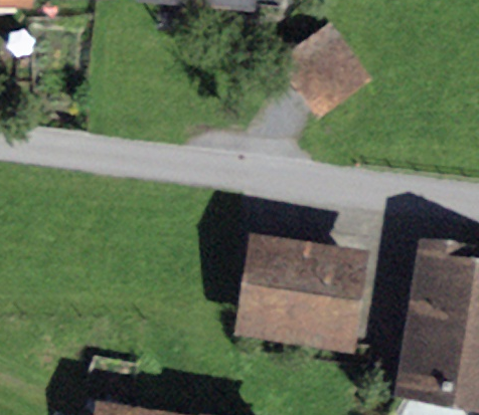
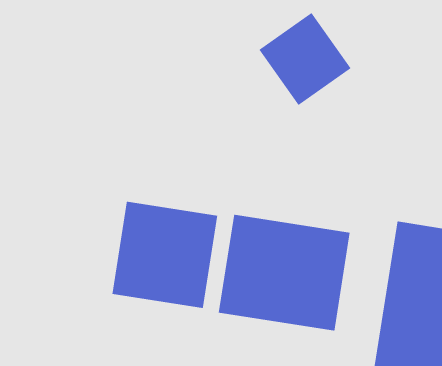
building: none -> [112,201,218,309]

